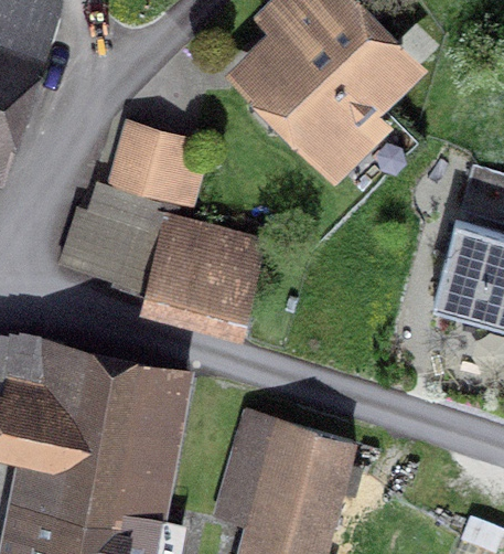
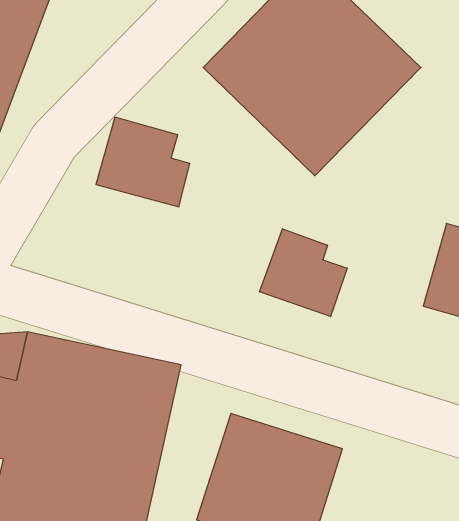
building: [58,190,266,328] -> none
building: none -> [260,229,347,317]

